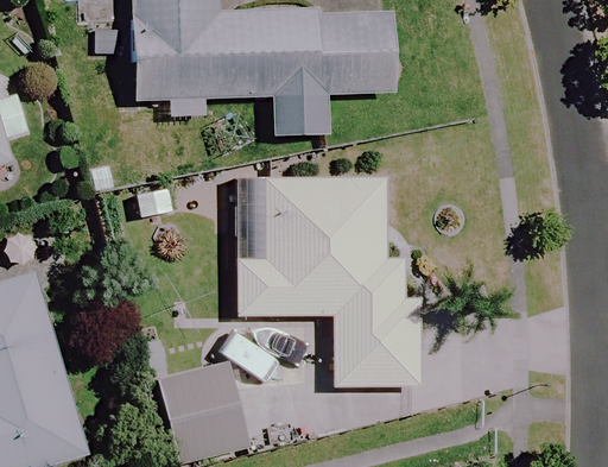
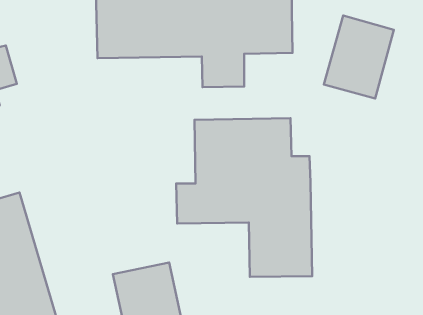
building: none -> [324,15,394,99]

